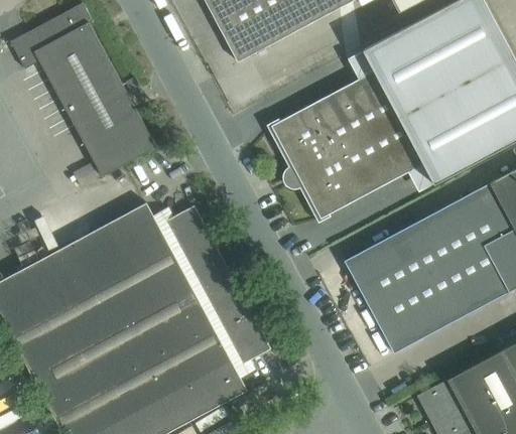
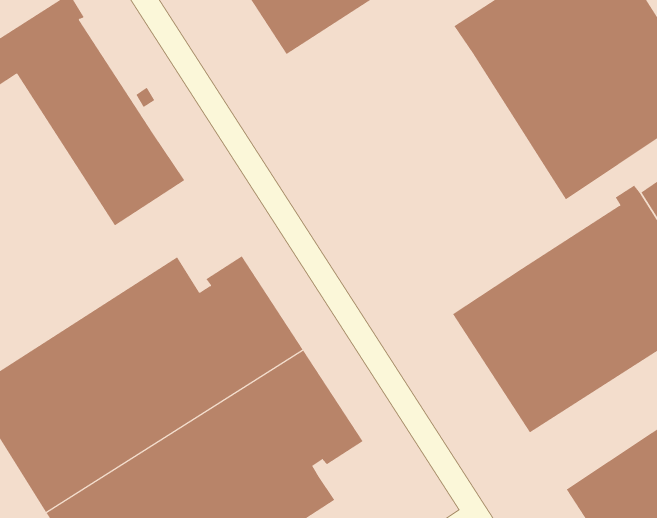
building: [271,71,422,218] -> none

